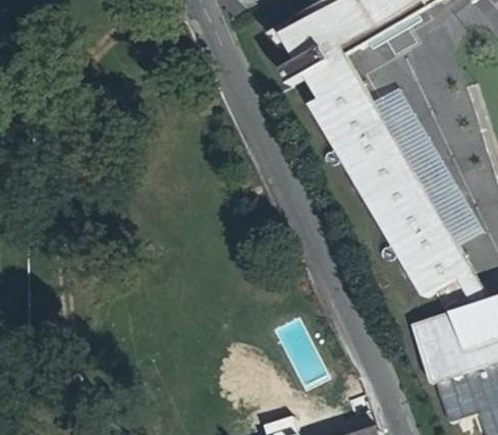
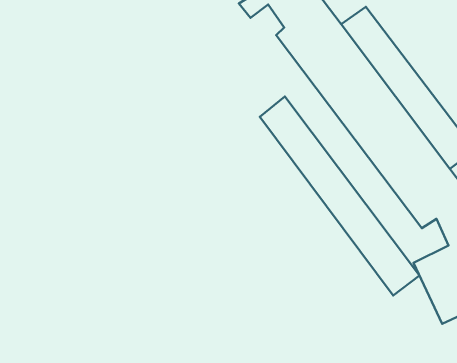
building: none -> [260,97,420,295]

